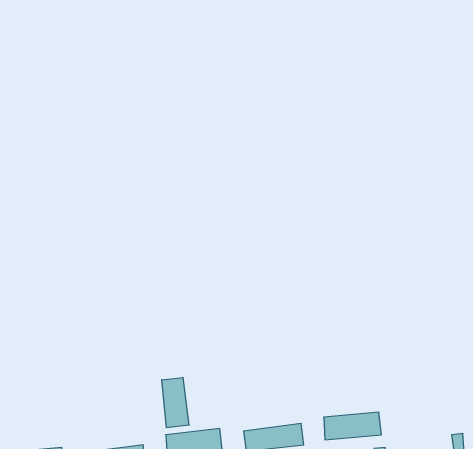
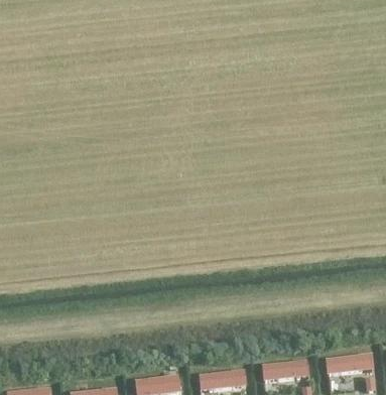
building: [162,377,189,428] -> none
building: none -> [326,351,374,373]

